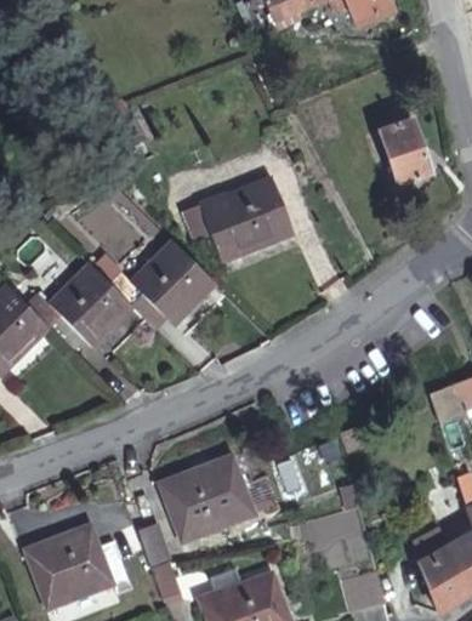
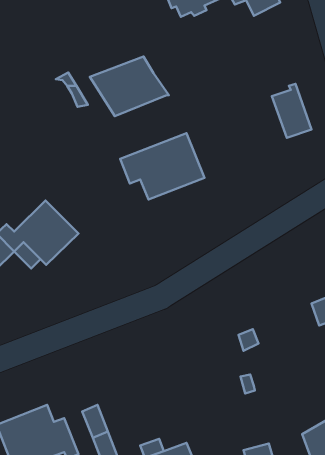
building: none -> [90,56,169,116]
building: [96,241,215,329] -> none
building: [163,455,256,542] -> none

